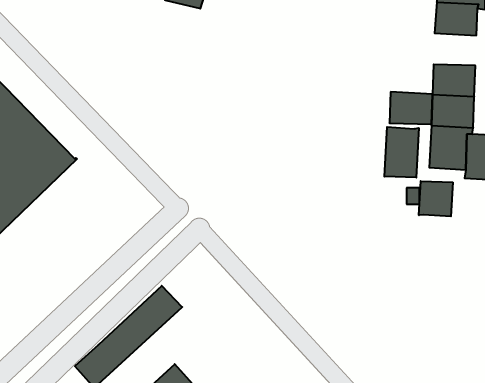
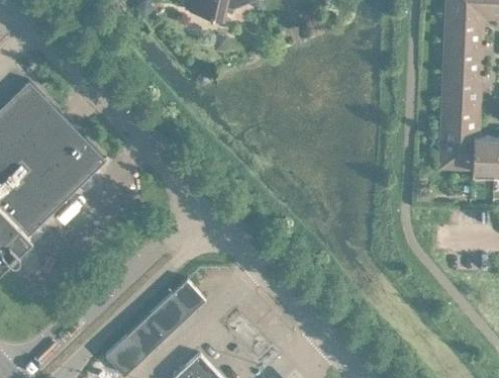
building: [389,92,432,124] -> [442,42,483,73]
building: [384,127,419,178] -> none
building: [419,181,453,216] -> none

